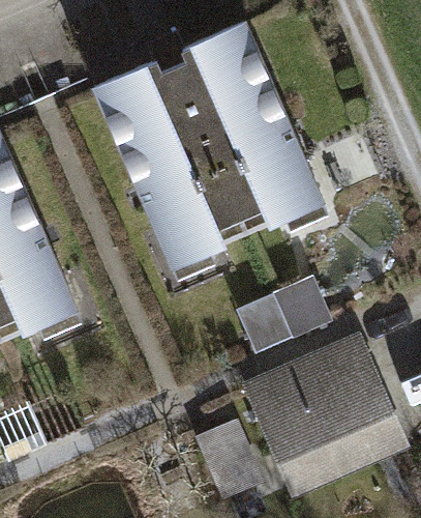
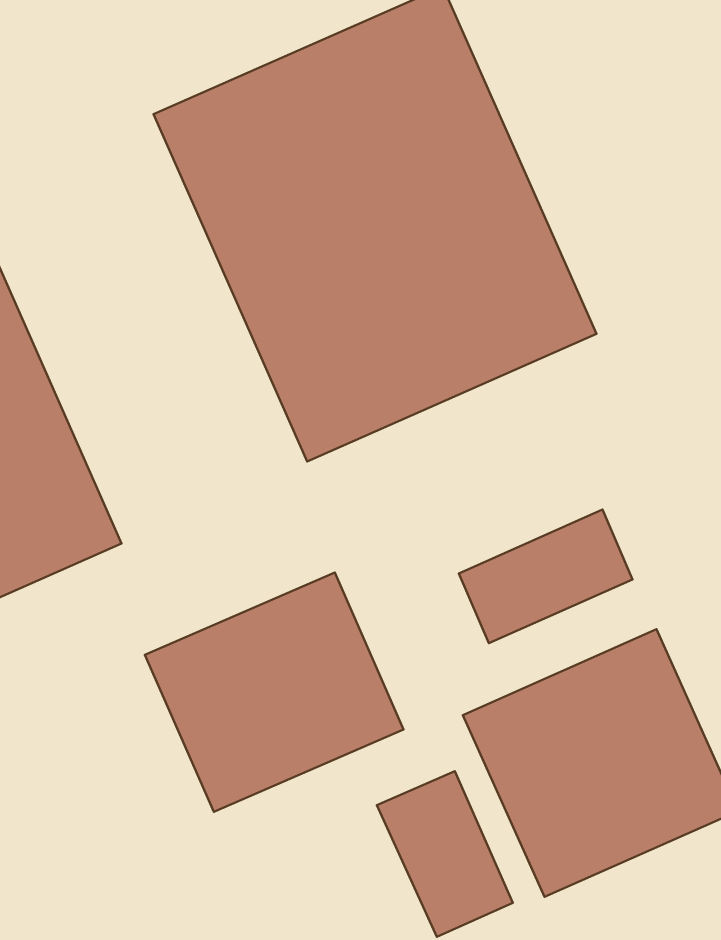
building: none -> [145,573,404,812]

